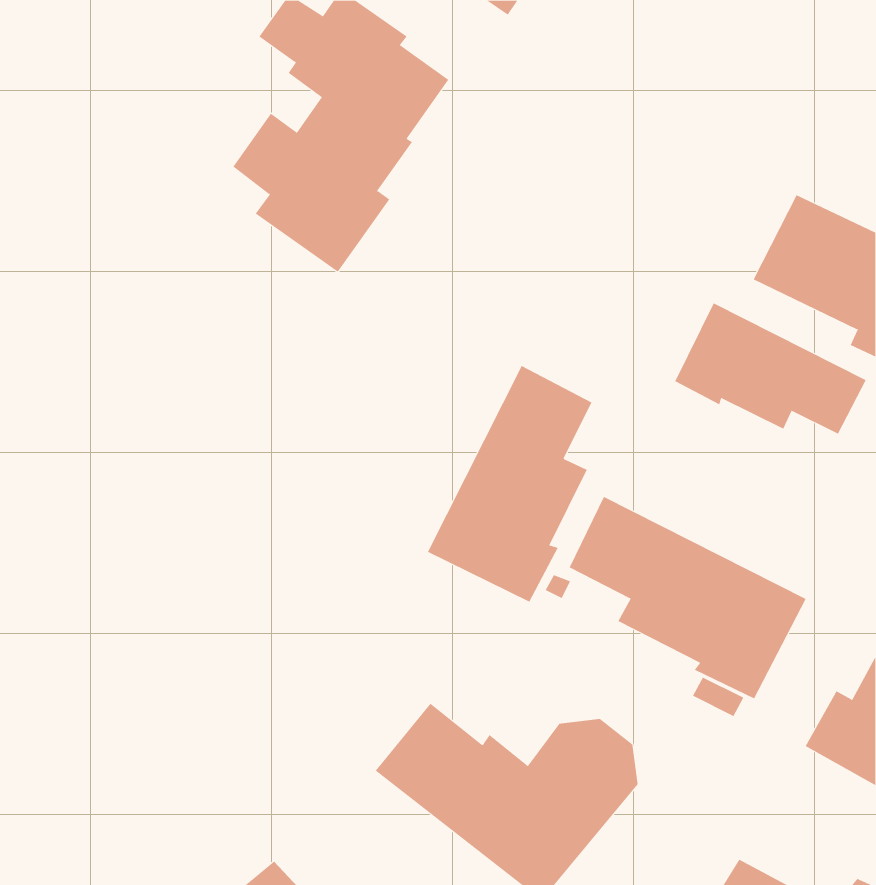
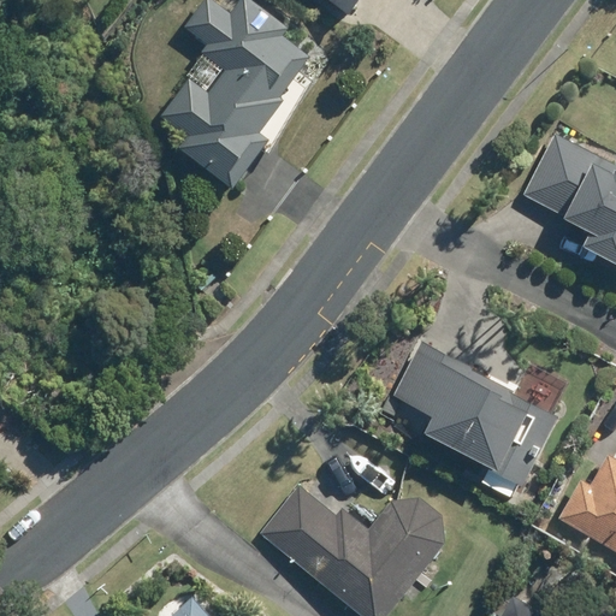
building: [674,302,867,434] -> none
building: [427,365,592,602] -> none

